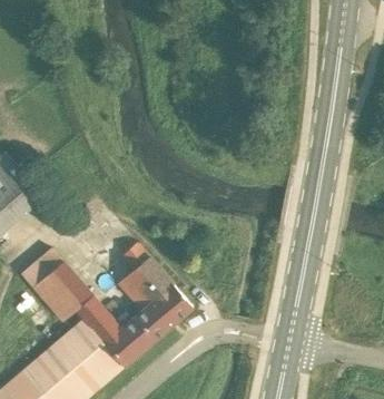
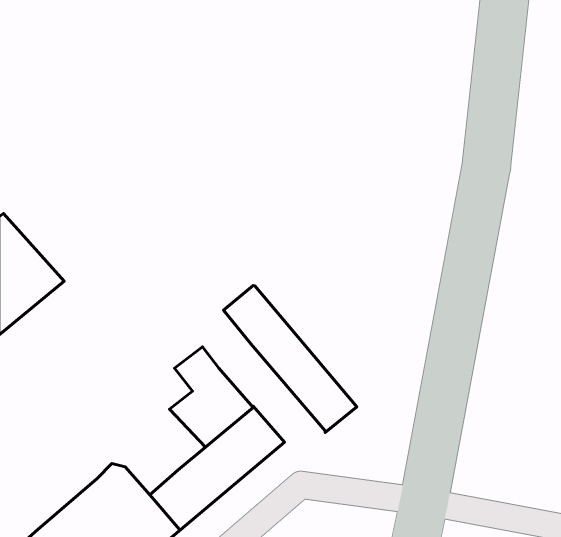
building: none -> [223,285,357,433]
building: [18,245,121,342] -> none

